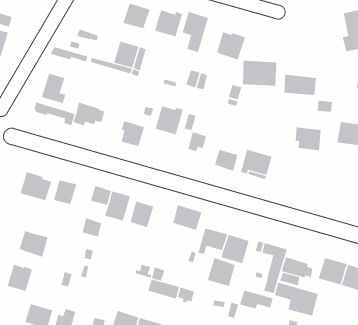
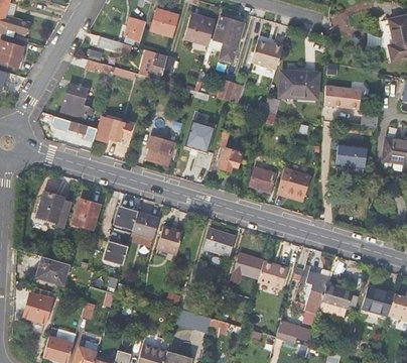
building: none -> [124,17,146,44]
building: [207,257,236,287] -> none
building: [274,282,318,316] -> none

